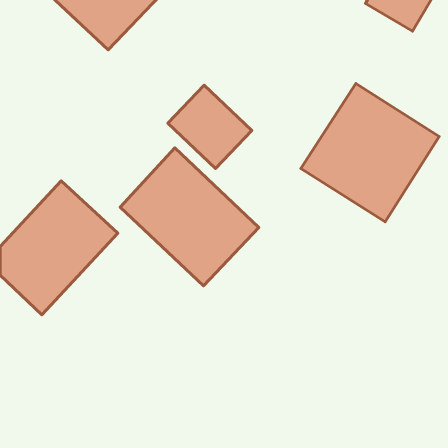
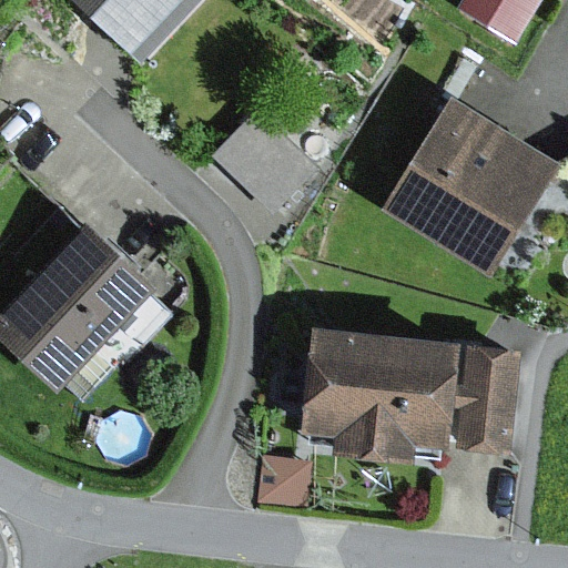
building: [120,148,259,286] -> none
building: none -> [305,325,520,467]

